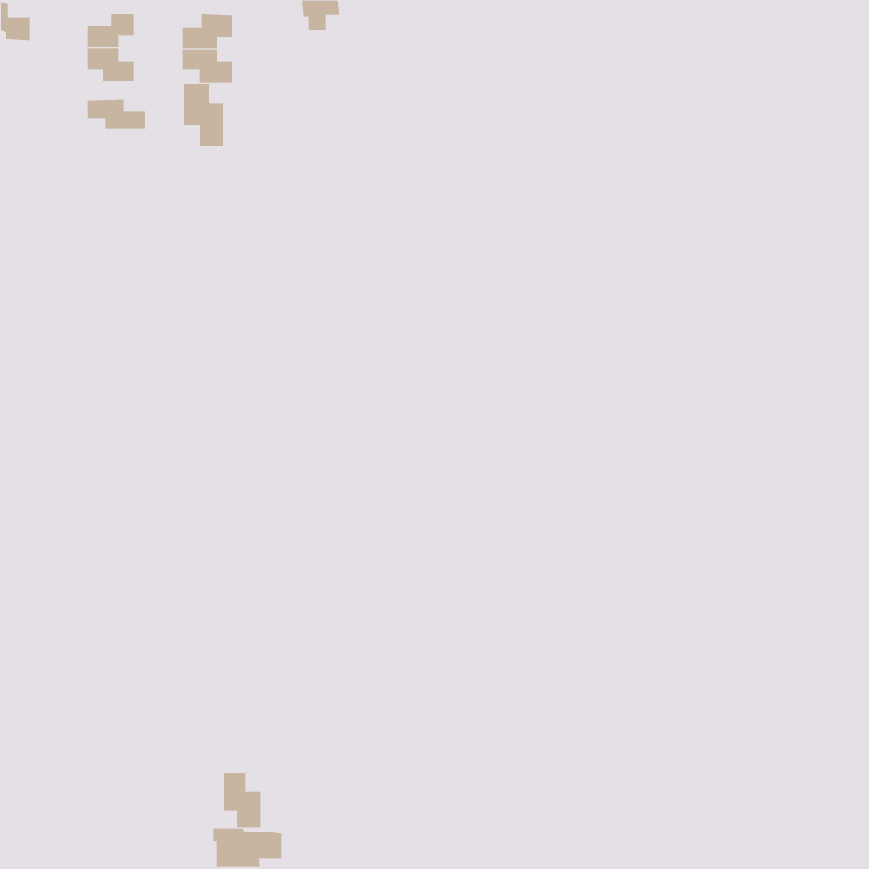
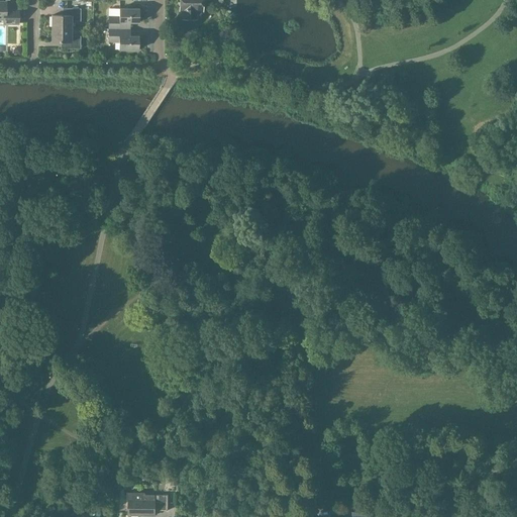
building: [184,83,223,147] -> none
building: [87,99,145,129] -> none
building: [223,772,261,828] -> none

